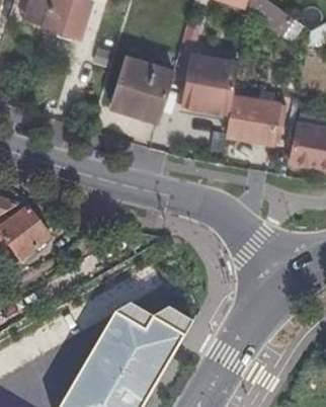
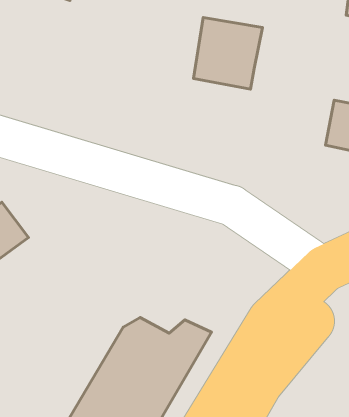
building: [108,55,171,119] -> none
building: [225,97,275,143] -> none

